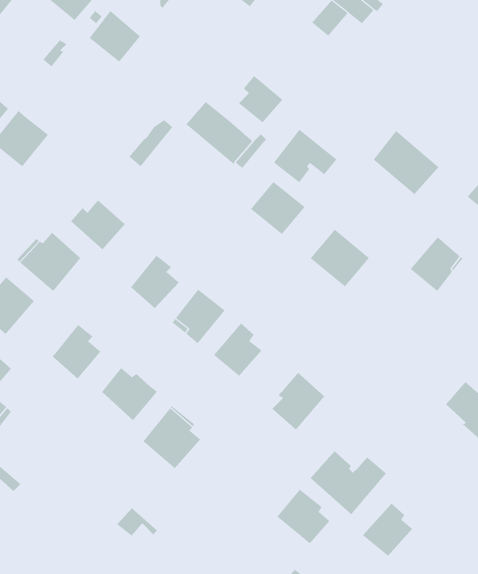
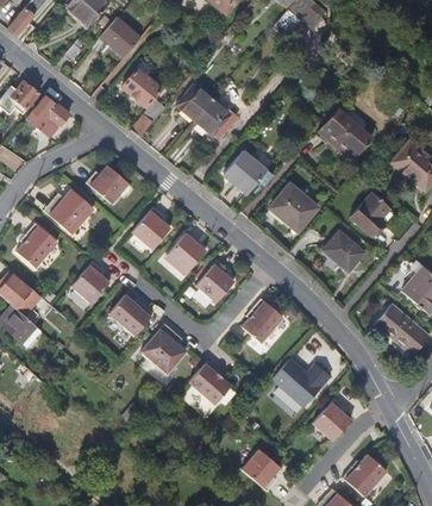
building: [238,75,283,123] -> none
building: none -> [121,69,161,107]
building: [273,129,337,183] -> none
building: none -> [323,231,365,273]
building: [276,489,330,544] -> [189,361,231,404]

